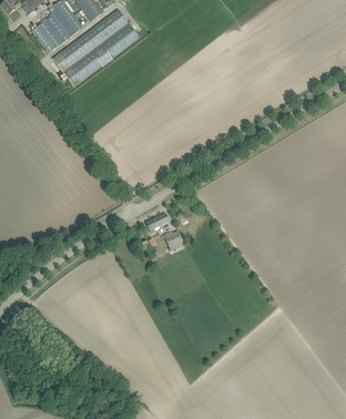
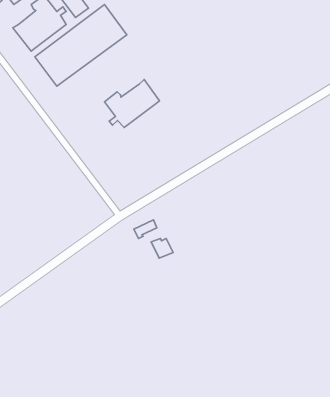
building: none -> [105,79,160,128]

